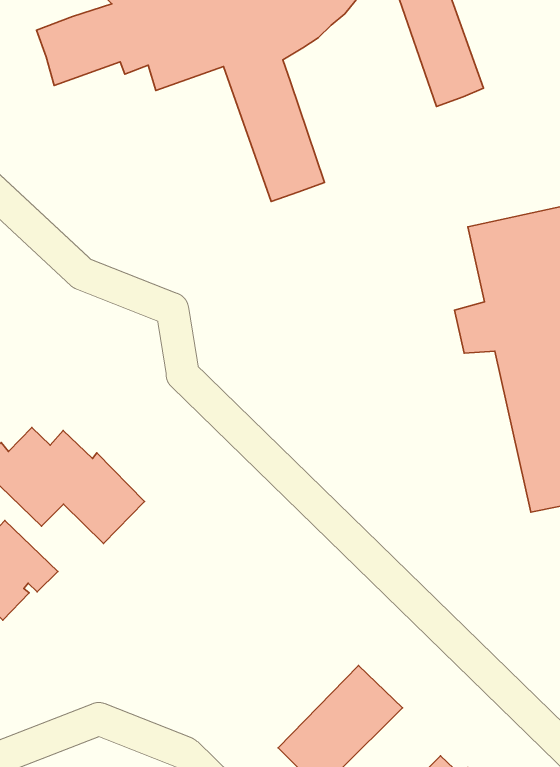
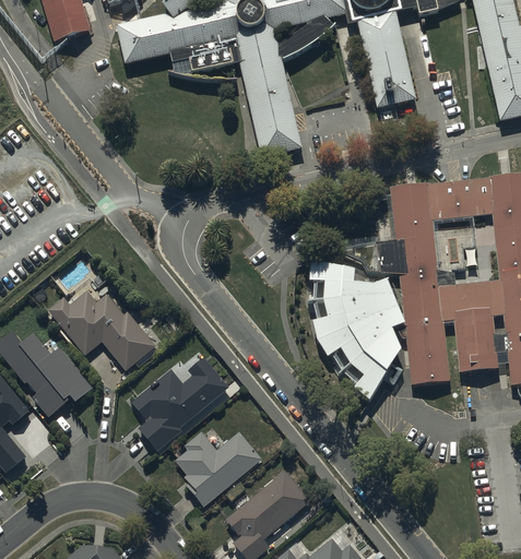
building: none -> [310,259,403,397]
building: none -> [131,359,229,453]
building: none -> [174,432,261,509]

